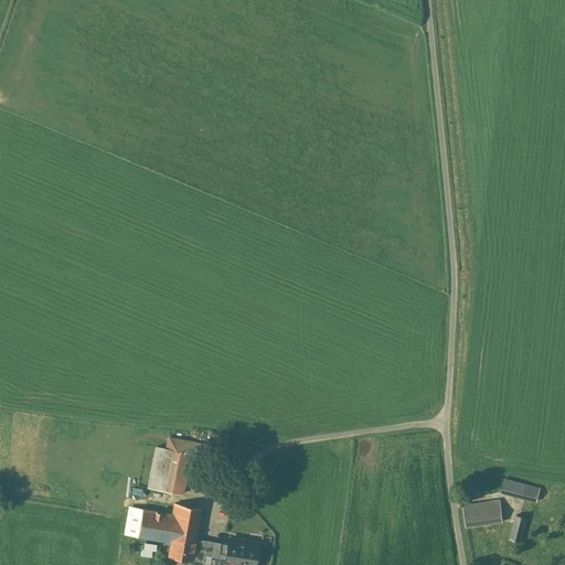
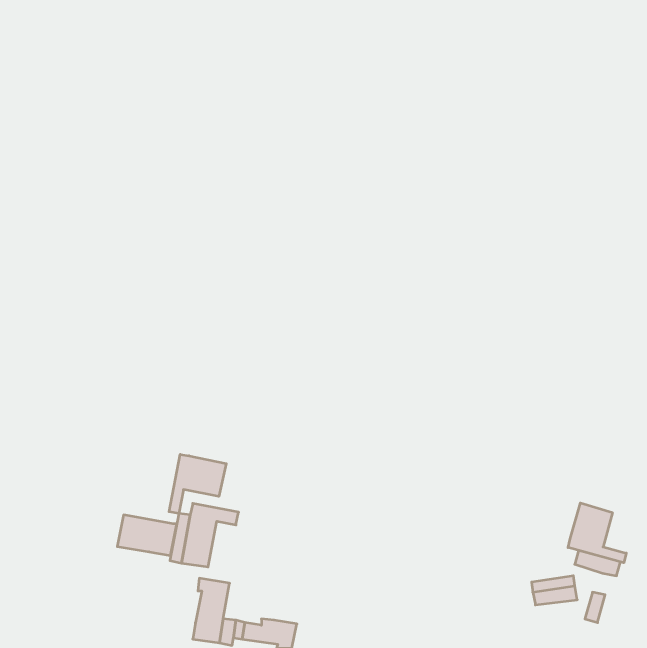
building: none -> [169,454,226,514]
building: none -> [568,503,626,563]
building: [125,507,177,542] -> [117,515,177,556]

